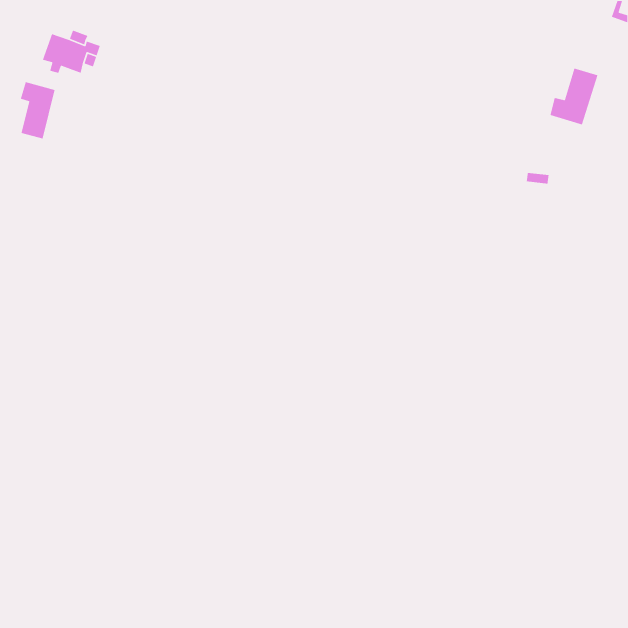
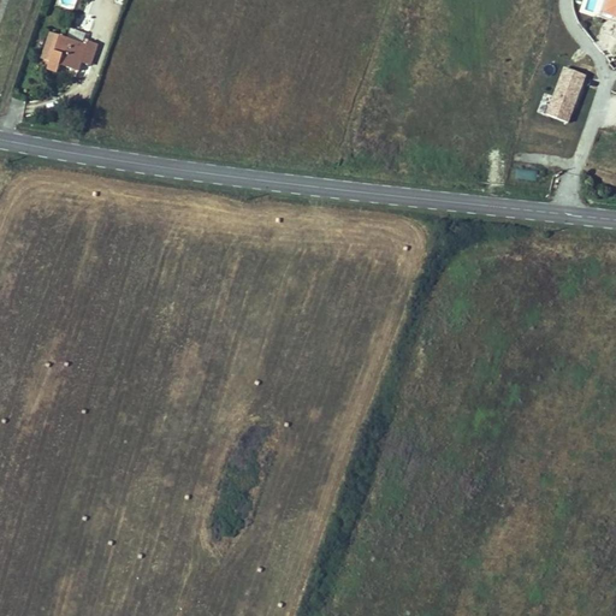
building: [20,81,56,140] -> none

